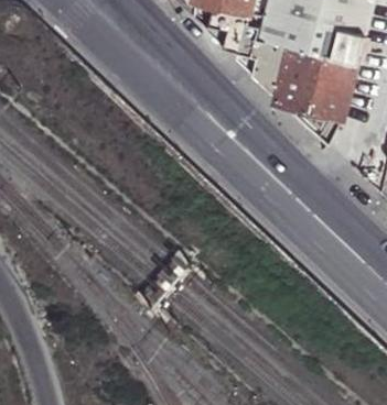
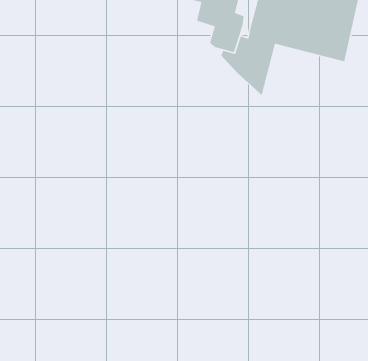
building: [273,46,356,120] -> none

